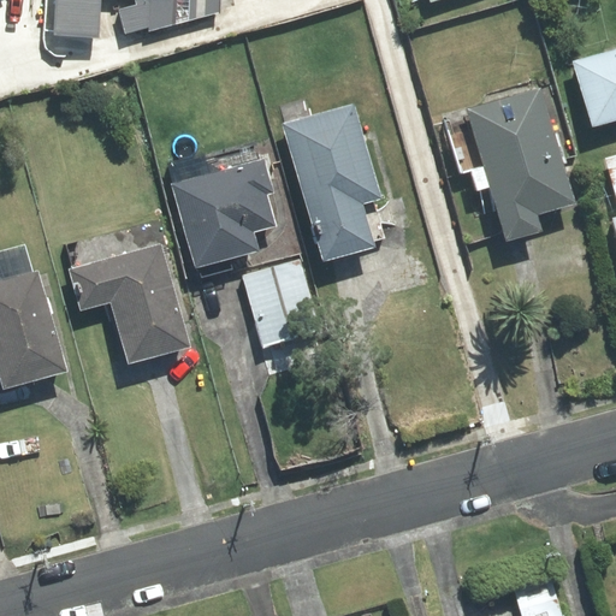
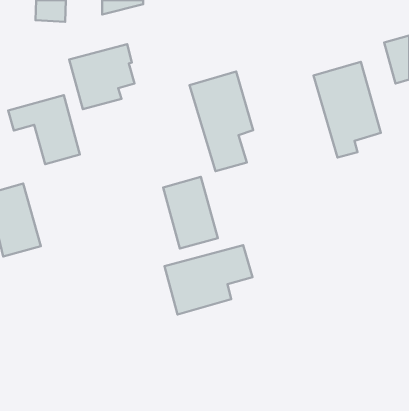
building: [177,162,274,260] -> [69,44,134,109]
building: [75,253,182,356] -> [8,95,80,164]
building: none -> [164,245,252,314]

